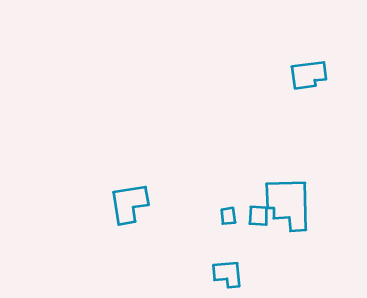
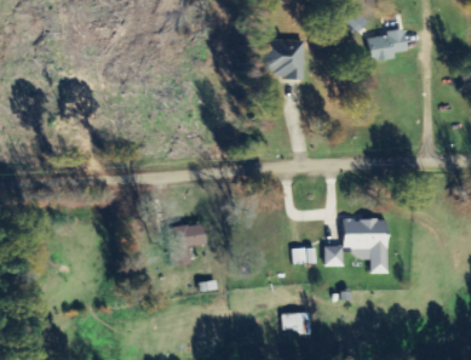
building: none -> [265,39,305,76]
building: [292,62,326,88] -> [368,30,408,61]

